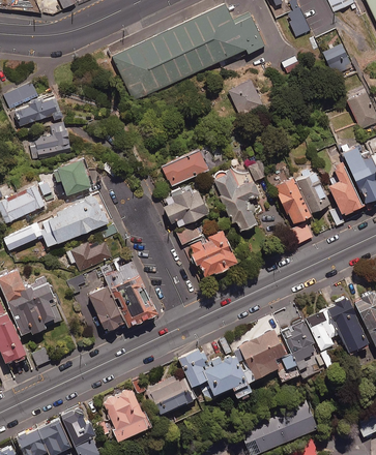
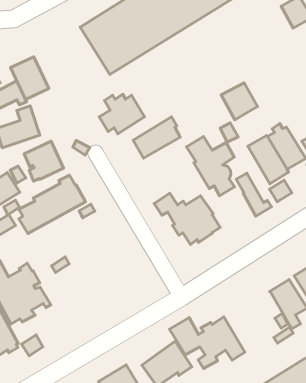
building: none -> [11,57,49,99]
building: [228,82,262,117] -> [221,83,257,120]
building: [164,189,208,228] -> [99,94,144,134]
building: none -> [236,173,272,216]
building: [65,244,111,272] -> none
building: [85,260,156,335] -> none
building: [230,327,285,382] -> none

